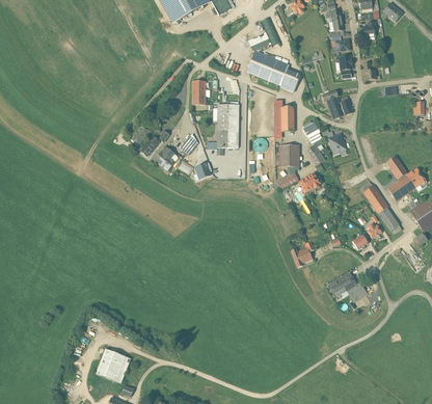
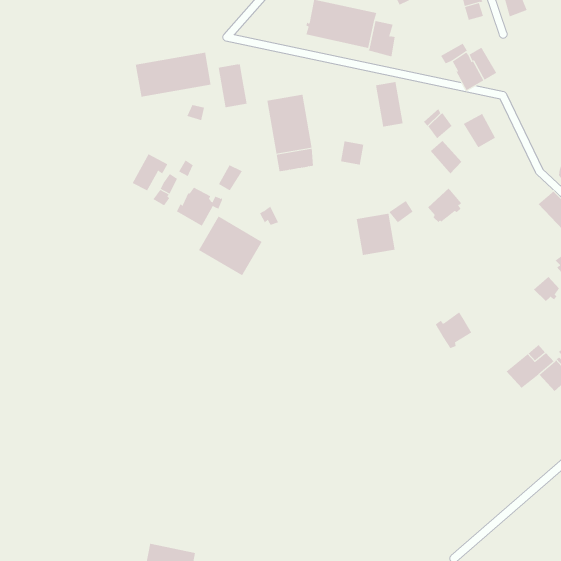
building: none -> [135,52,211,97]
building: [278,144,298,166] -> [356,213,395,255]
building: none -> [198,216,263,276]

